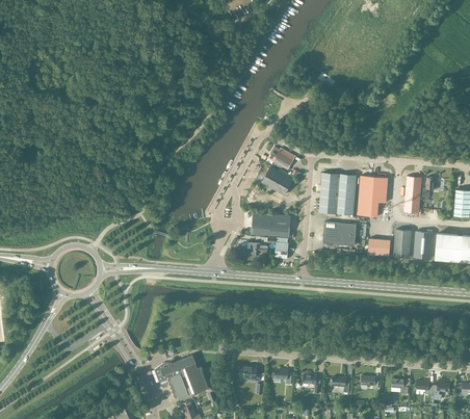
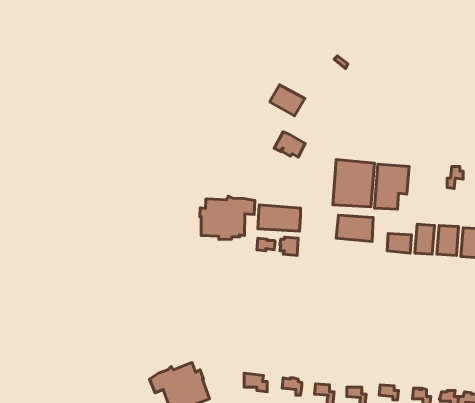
building: [262,167,293,195] -> [270,85,305,116]
building: [403,177,421,213] -> none
building: none -> [200,196,255,240]

